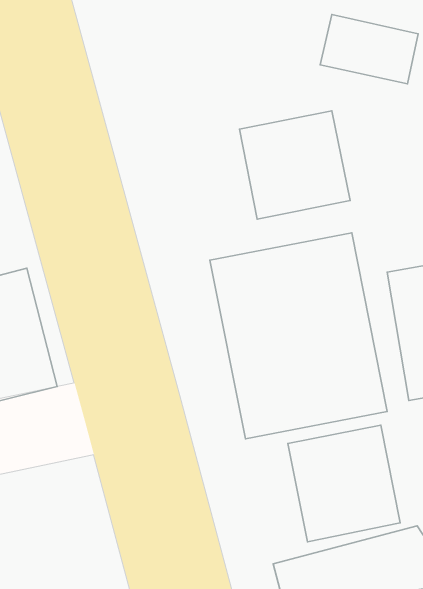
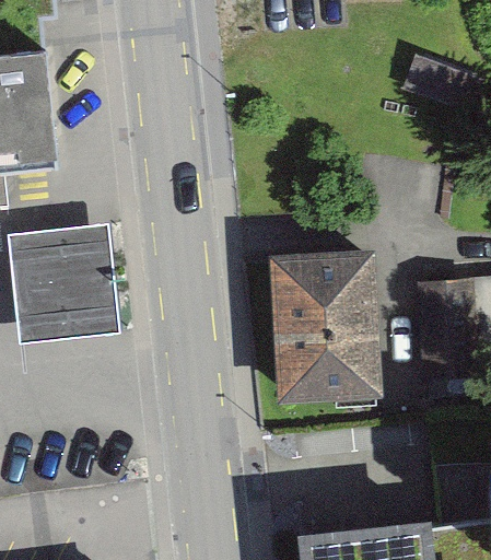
building: [239,111,350,219] -> none
building: [288,425,400,542] -> none

